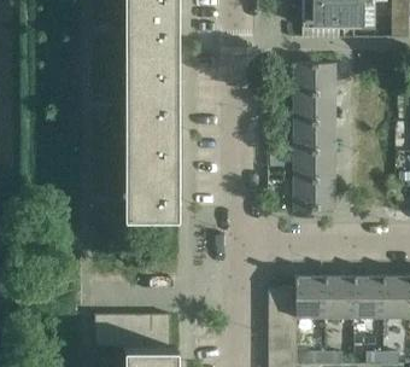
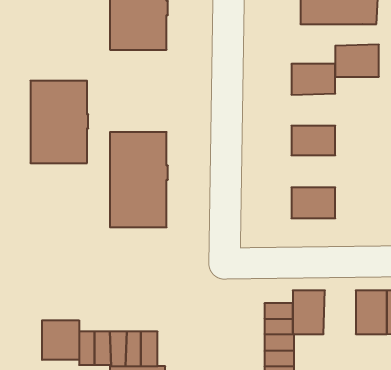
building: [125,52,180,129] -> [30,81,88,163]
building: [295,93,336,123] -> [335,45,379,77]
building: [295,151,336,181] -> none
building: [326,278,356,319] -> none
building: none -> [42,320,79,360]

